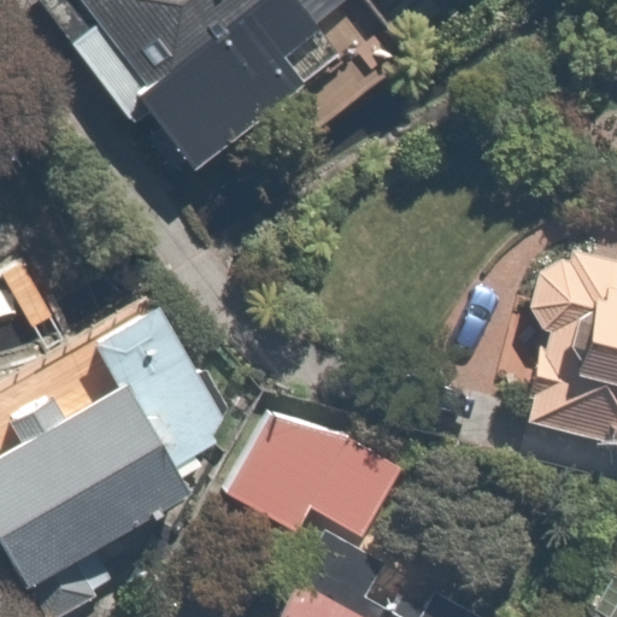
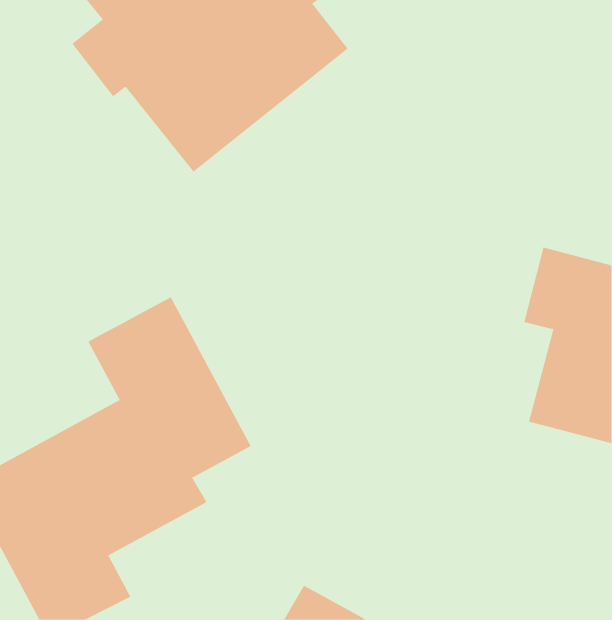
building: [224,404,406,537] -> none

